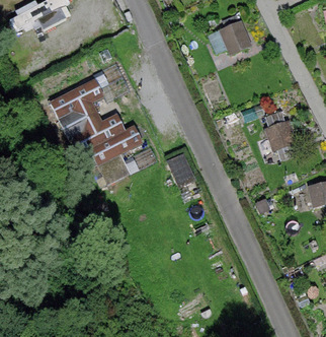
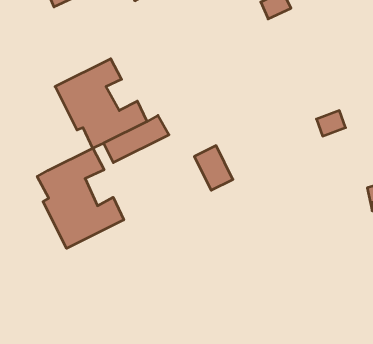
building: none -> [37,148,124,248]

